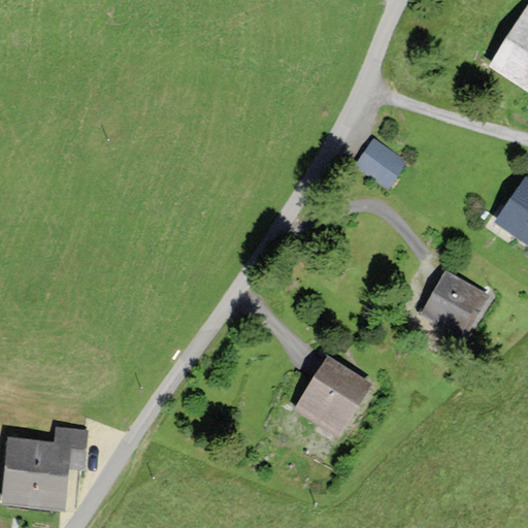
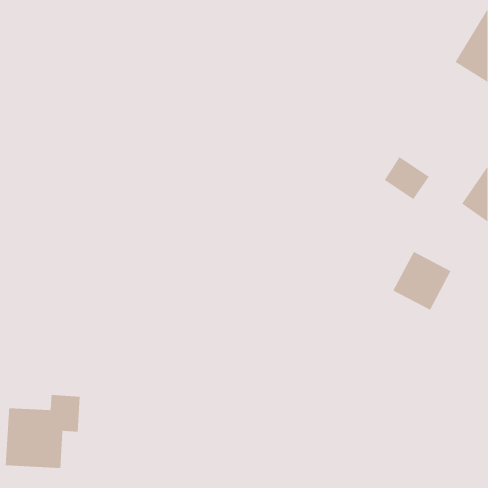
building: [356,137,405,185] -> [384,156,430,200]
building: [294,358,372,439] -> none

